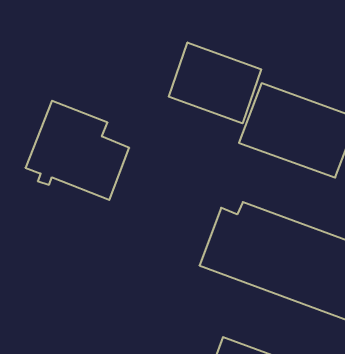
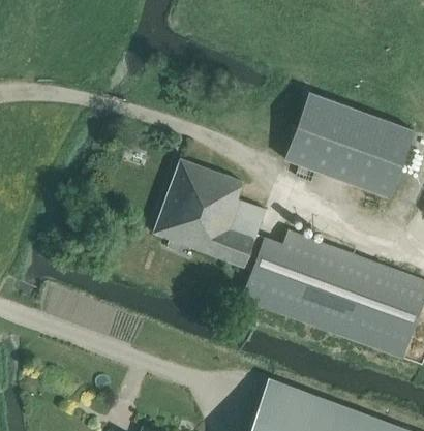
building: [169,42,261,123] -> none
building: [25,101,129,200] -> [153,158,267,267]

